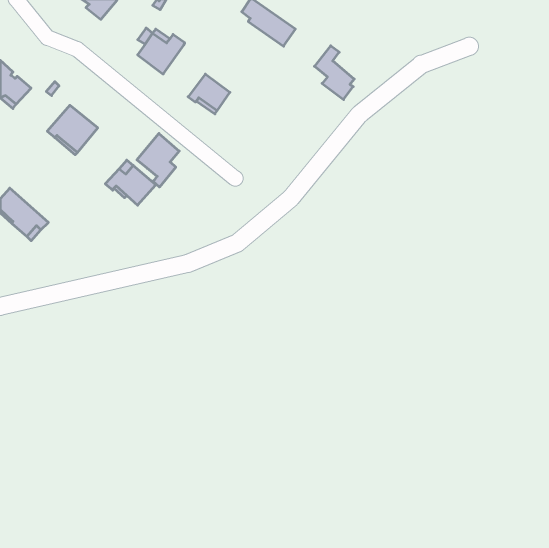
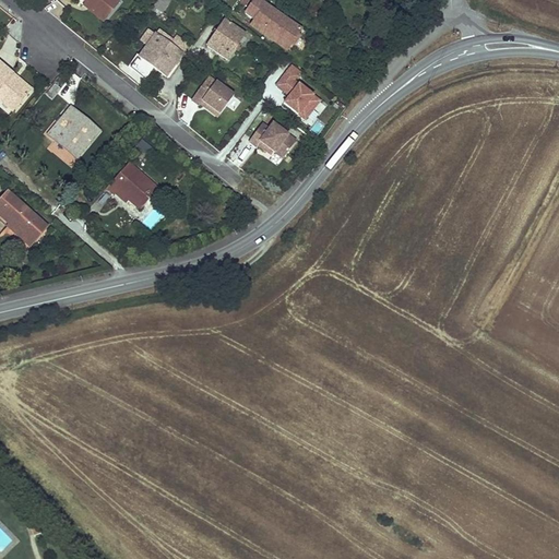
building: none -> [207,20,245,58]
building: [314,46,354,100] -> [276,63,317,118]
building: none -> [248,122,296,158]
building: [137,133,179,187] -> none

